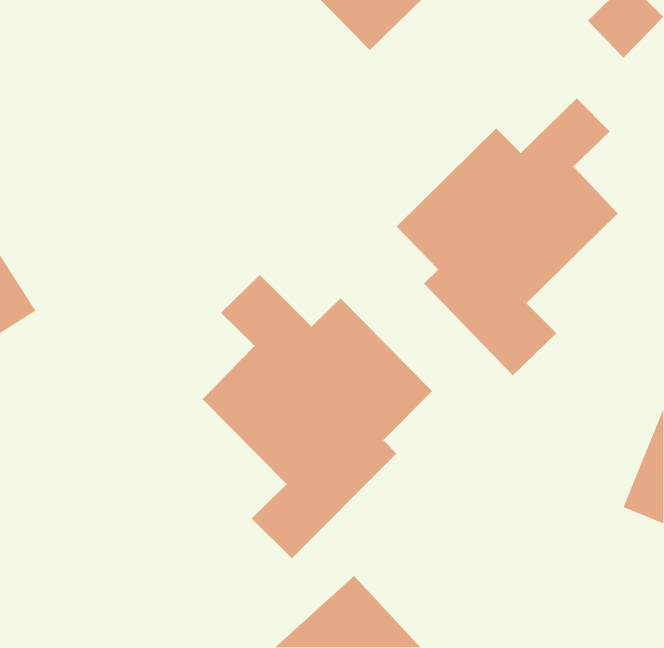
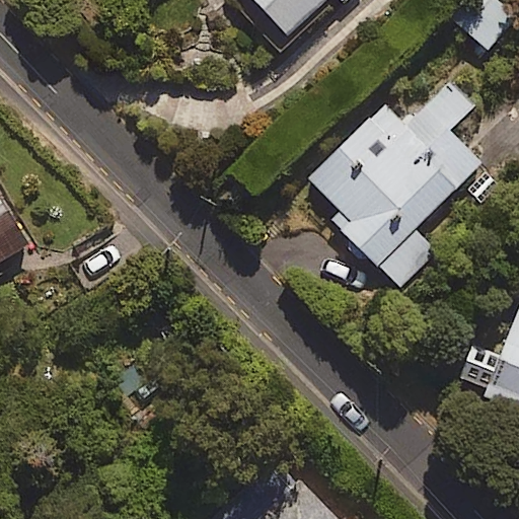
building: [202,274,433,559] -> none

